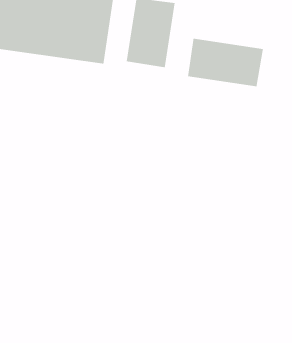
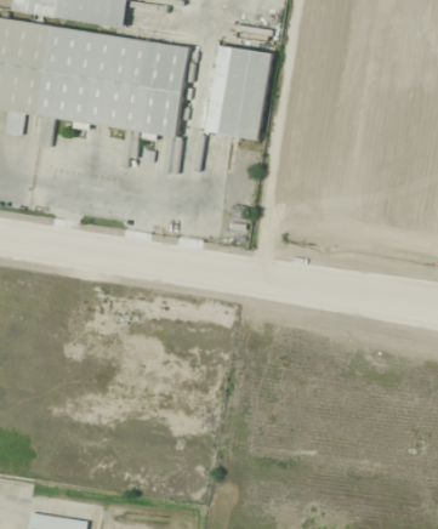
building: [188,38,263,87] -> none

